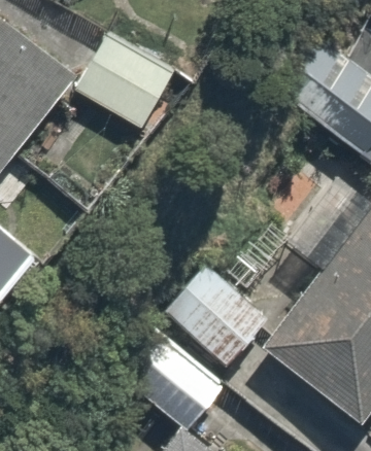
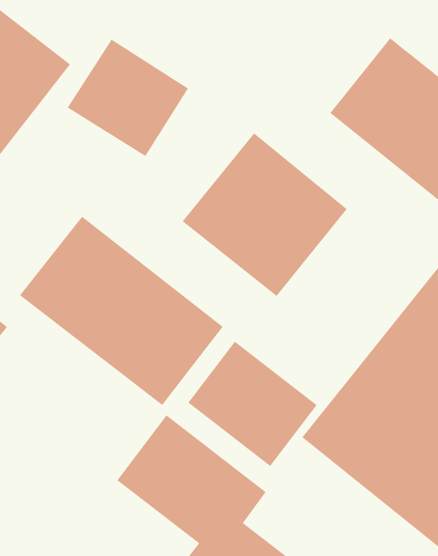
building: none -> [182,133,347,297]
building: none -> [19,216,224,406]

